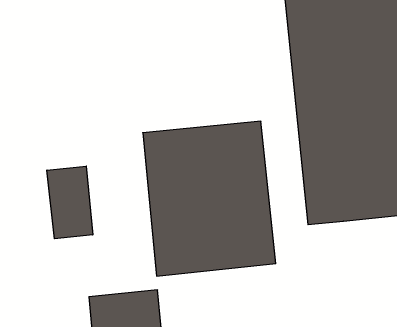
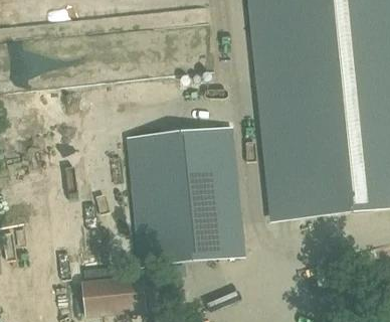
building: [47,166,93,239] -> none

